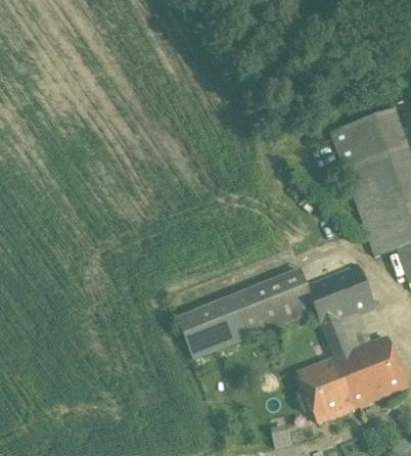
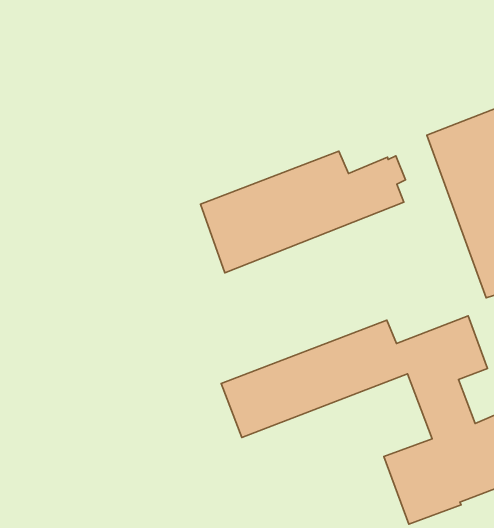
building: none -> [200,151,406,273]

